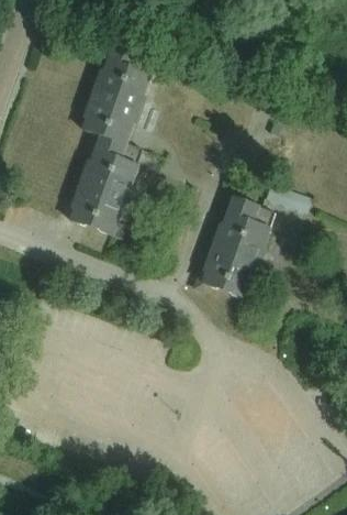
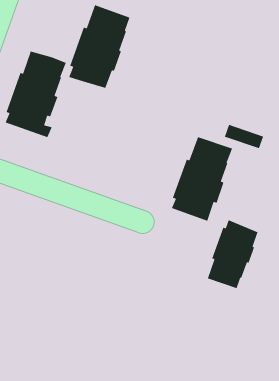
building: [72,134,145,237] -> [5,50,67,138]
building: none -> [207,219,258,289]

